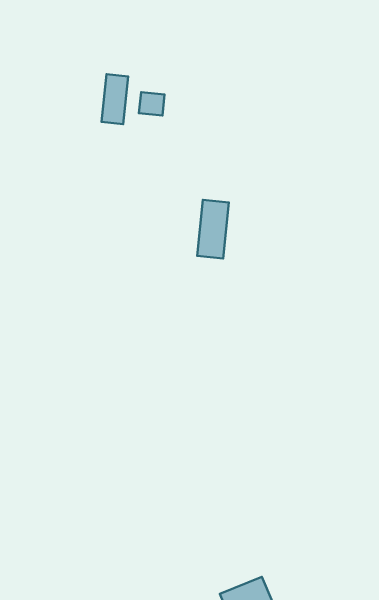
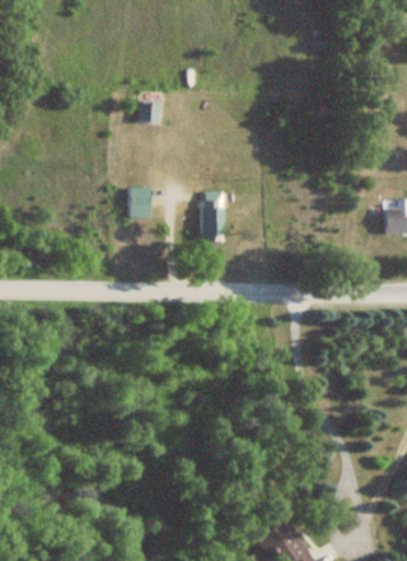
building: [102,74,128,124] -> none
building: none -> [128,186,151,217]

